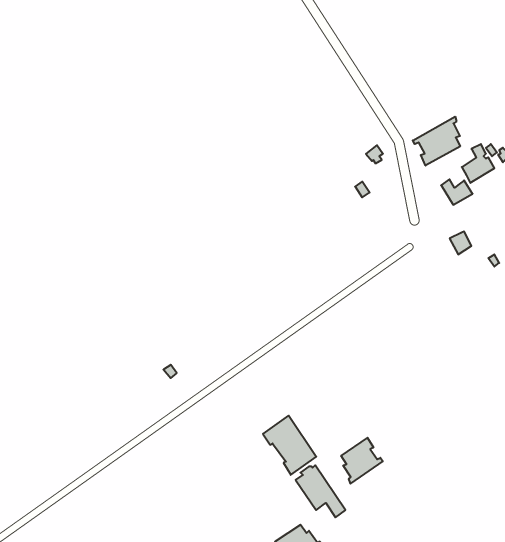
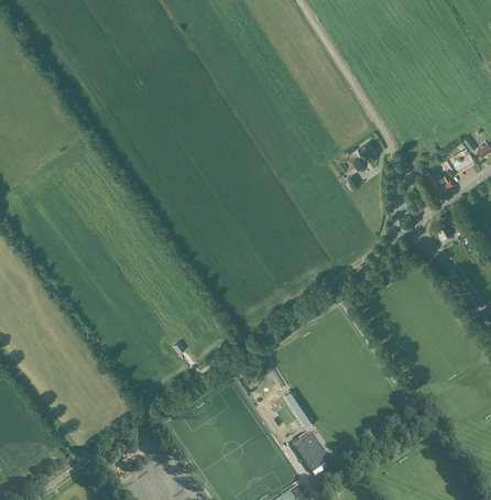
building: [413,117,460,166] -> none
building: [341,438,383,484] -> none

